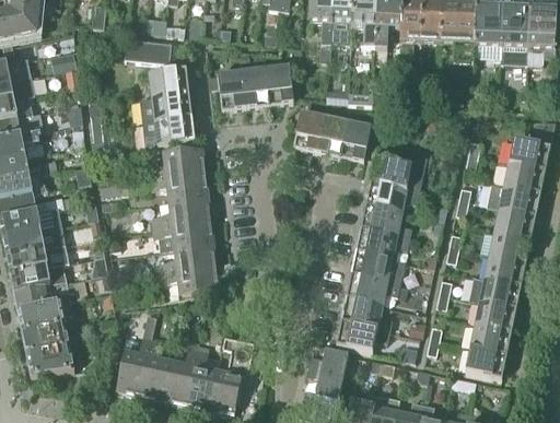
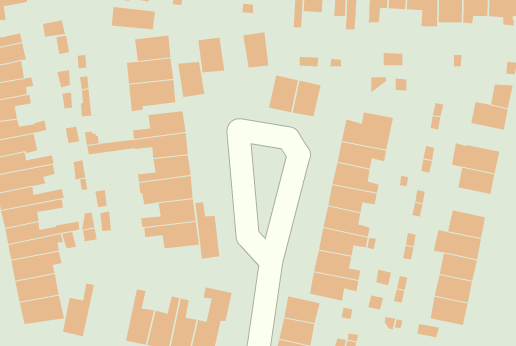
building: [241,67,270,105] -> [177,62,205,97]
building: [341,120,371,158] -> none
building: [503,161,545,191] -> none
building: [478,228,530,261] -> none
building: none -> [195,202,220,259]
building: [116,336,151,393] -> [62,283,95,337]

